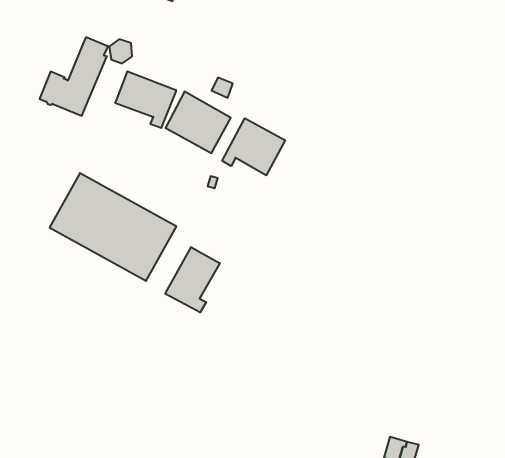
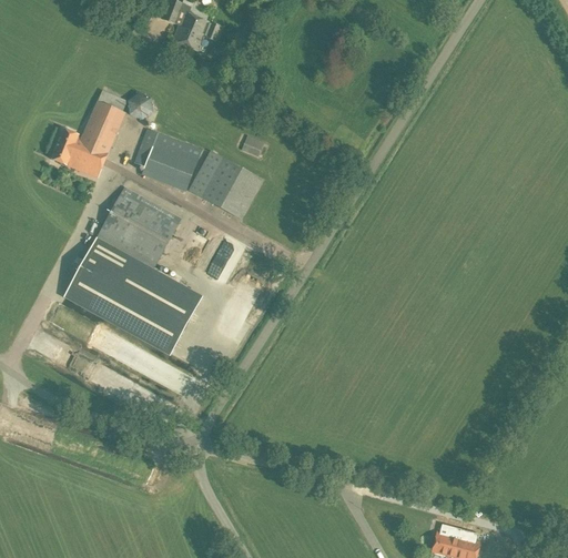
building: [222,118,285,175] -> none
building: none -> [97,186,180,267]
building: [165,247,220,312] -> none

